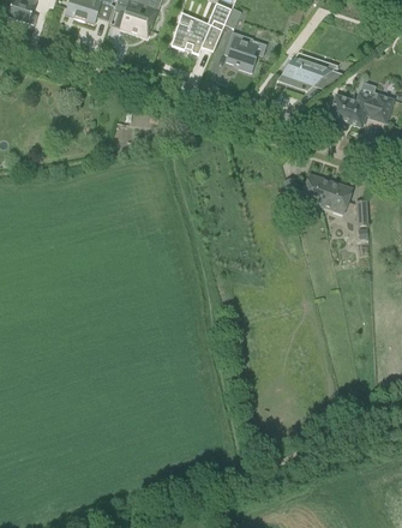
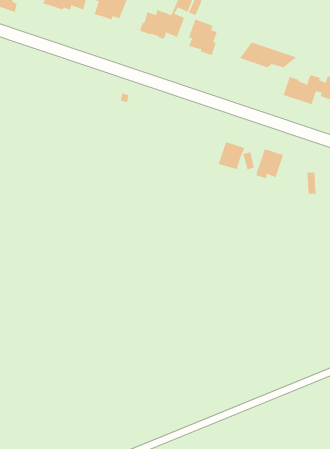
building: [323,181,353,212] -> [218,141,245,170]

